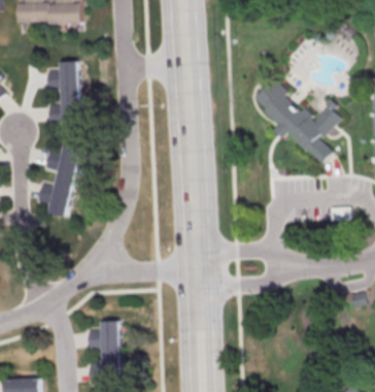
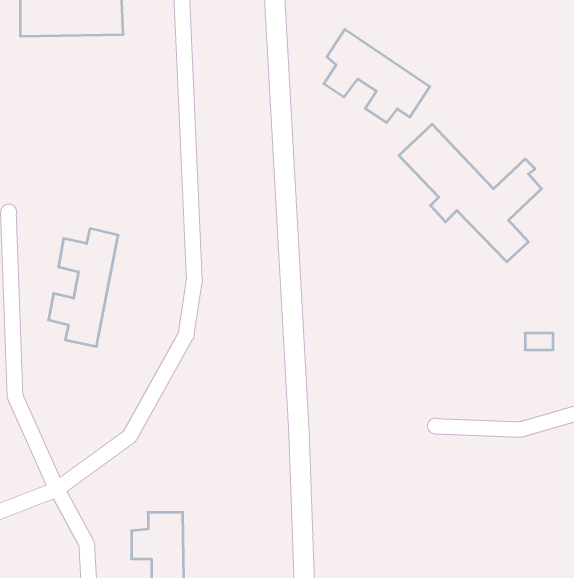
building: none -> [324,29,430,123]
building: [45,61,80,130] -> none

